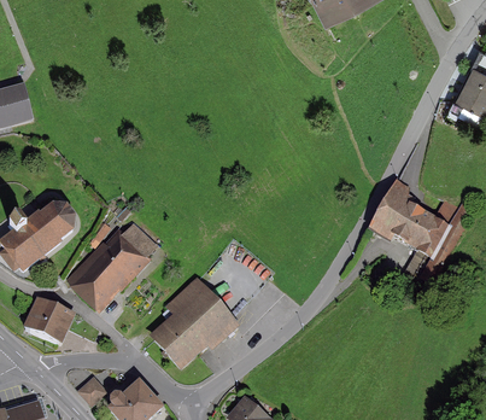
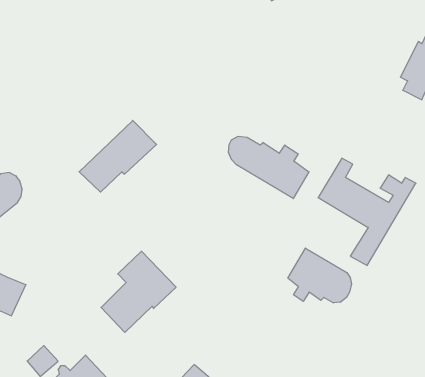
building: none -> [229,136,309,199]
building: [70,231,148,303] -> [79,120,157,192]
building: none -> [288,248,351,303]

